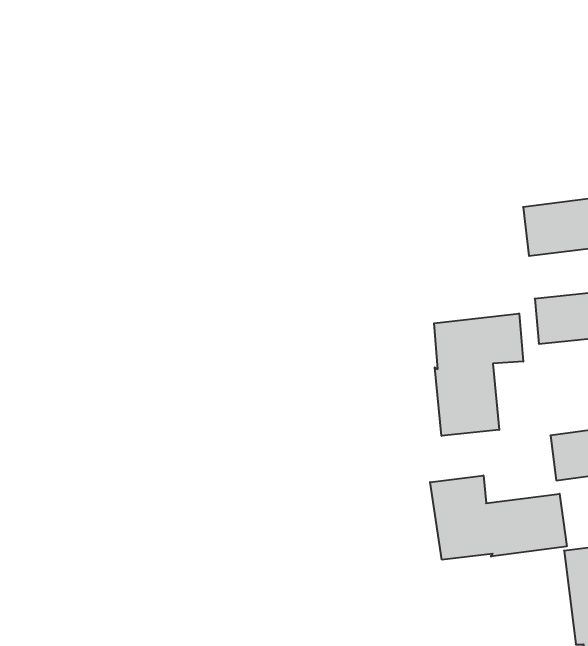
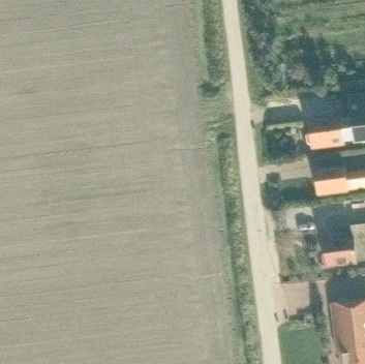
building: [434,313,523,436] -> none
building: [430,475,567,560] -> none

